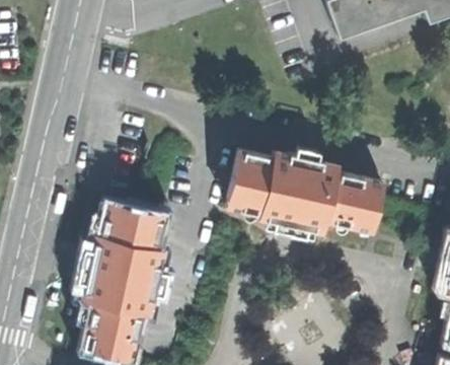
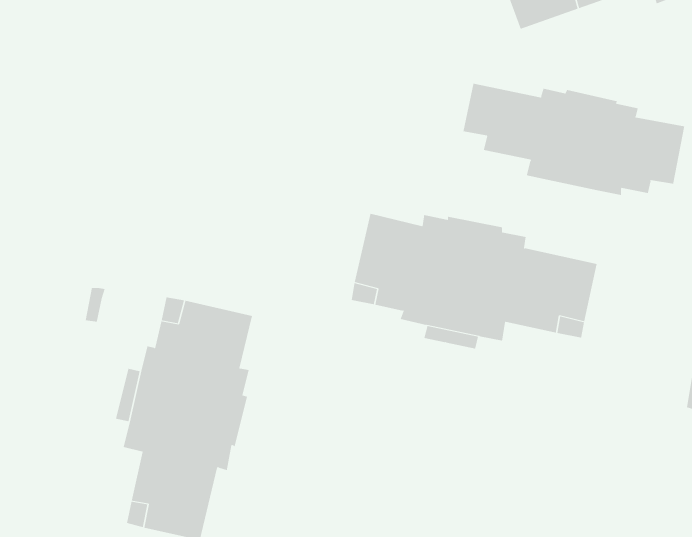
building: none -> [463,83,685,196]

